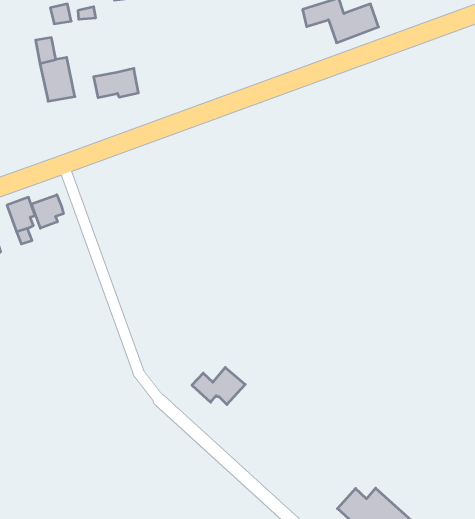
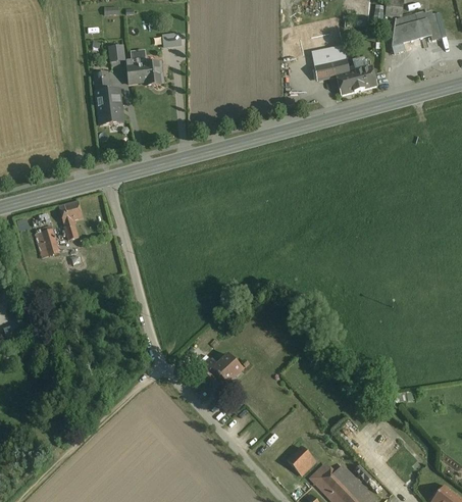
building: [94,68,138,98] -> [127,61,163,84]
building: [32,195,63,228] -> none
building: none -> [289,447,316,474]

